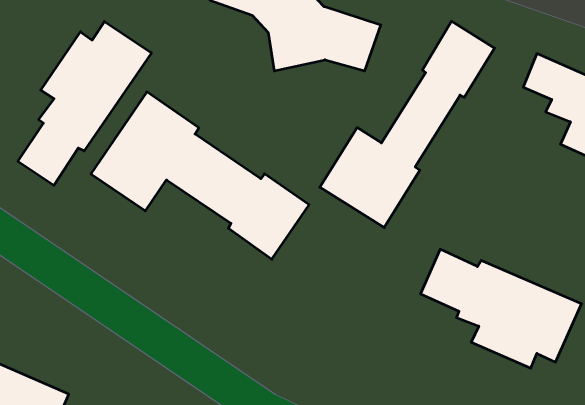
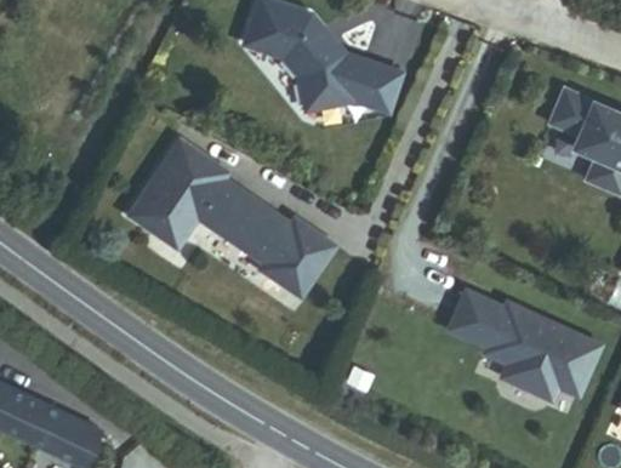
building: [320,21,495,228] -> none
building: [18,21,151,185] -> none

